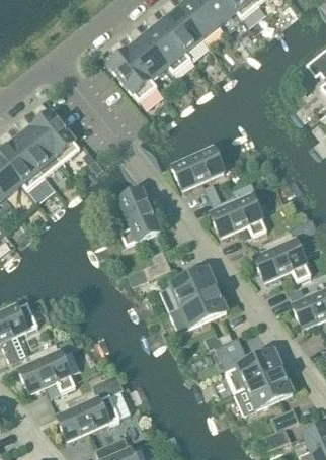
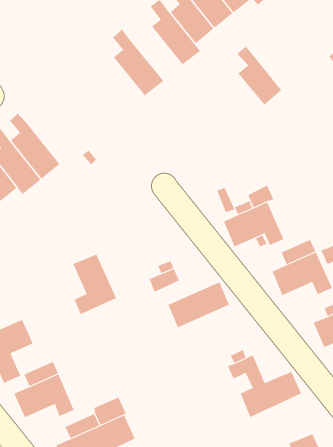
building: [127,24,173,79] -> [236,46,287,106]
building: [32,100,80,161] -> none
building: [172,149,224,189] -> none
building: [119,190,160,246] -> [73,254,117,315]
building: [180,289,226,327] -> none
building: [246,370,293,408] -> none

